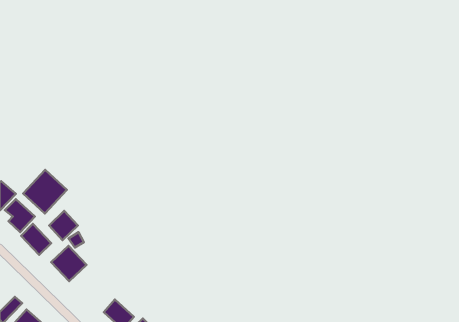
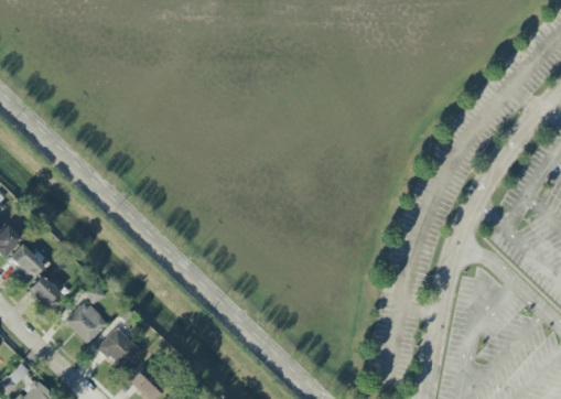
building: [23,170,67,214] -> none
building: [49,211,78,240] -> none
building: none -> [97,327,141,371]

